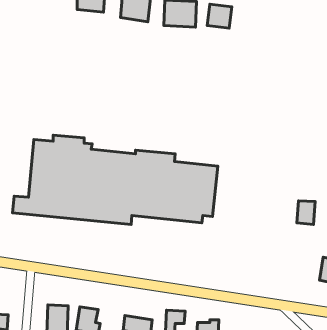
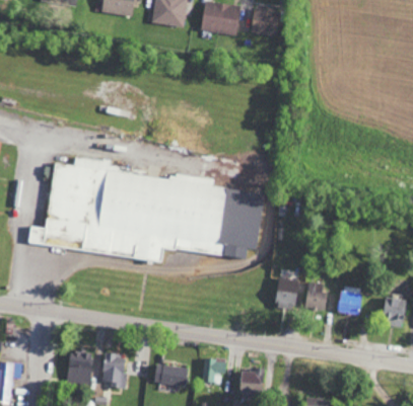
building: [297,201,315,225] -> [339,287,360,314]
building: none -> [275,277,298,309]
building: none -> [306,282,328,309]

